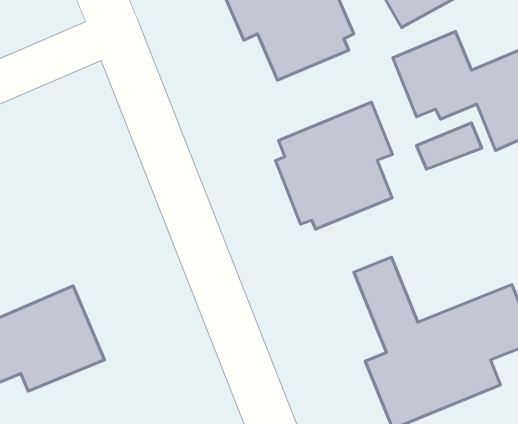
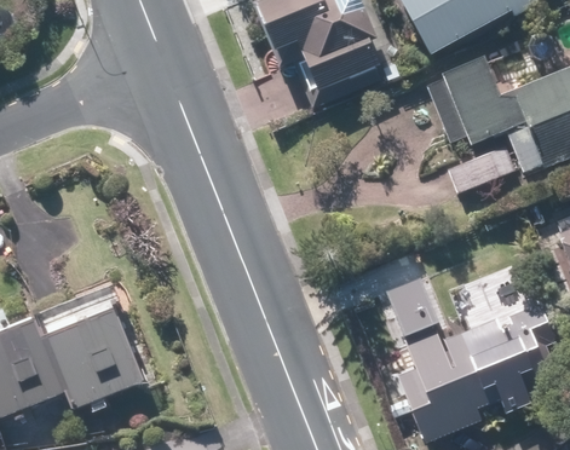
building: [275,102,392,229] -> none

